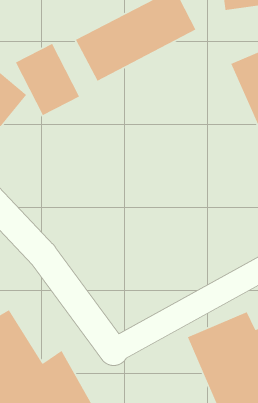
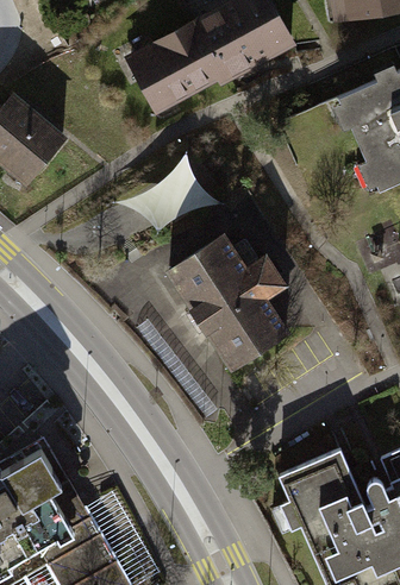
building: [15,43,80,116] -> none
building: none -> [156,225,285,365]

